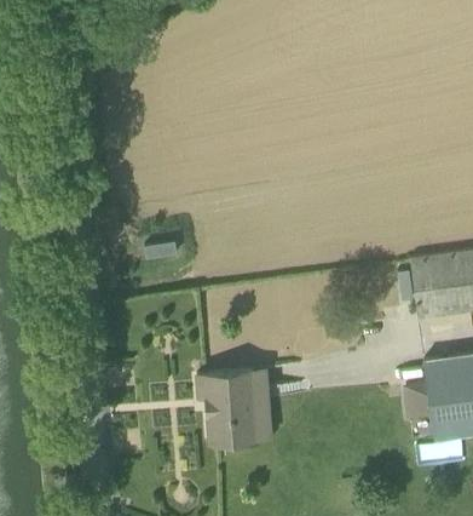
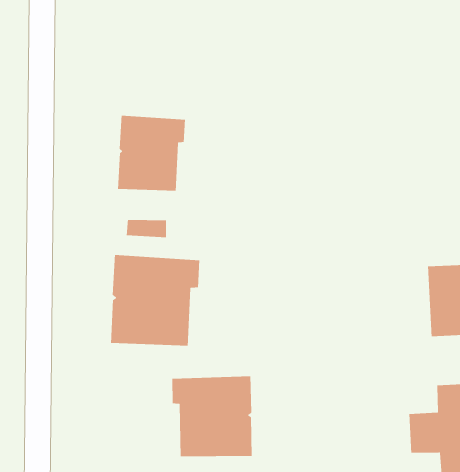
building: none -> [117,115,186,191]
building: none -> [110,254,200,346]

